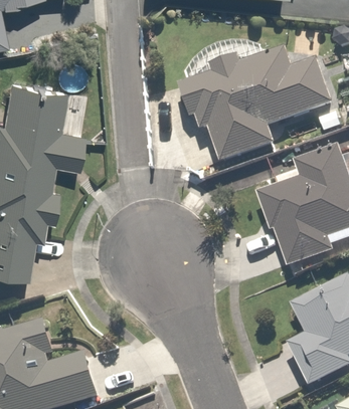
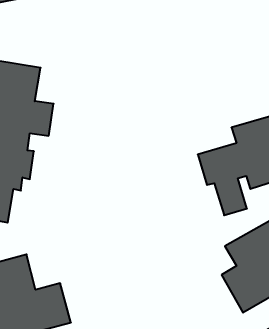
building: [180,47,334,163] -> none

